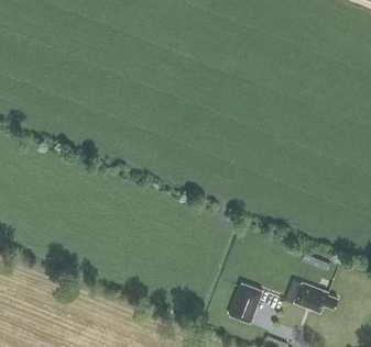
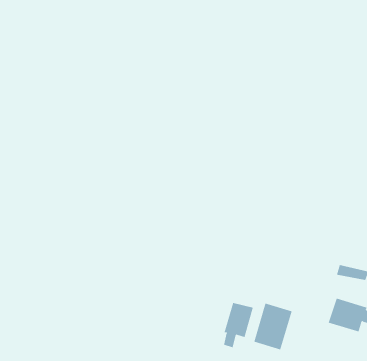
building: none -> [223,302,254,348]

